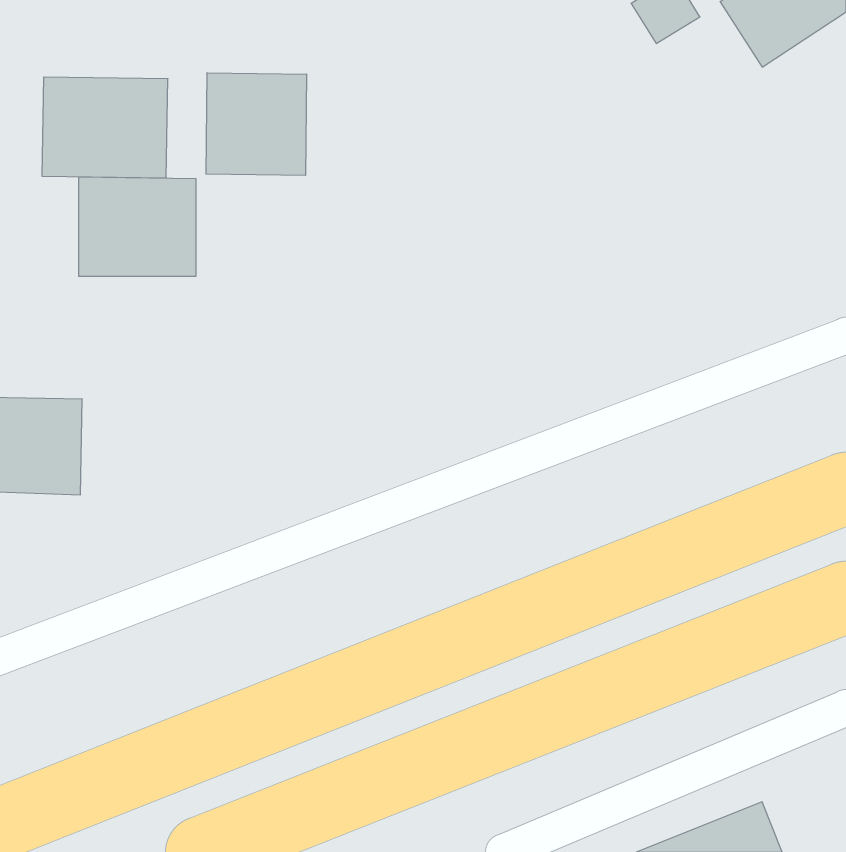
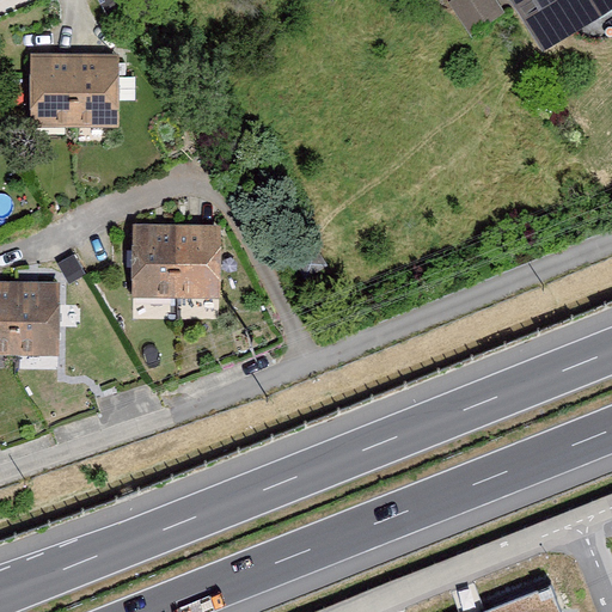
building: [206,73,307,175] -> none
building: [79,177,196,276] -> [133,225,216,295]

